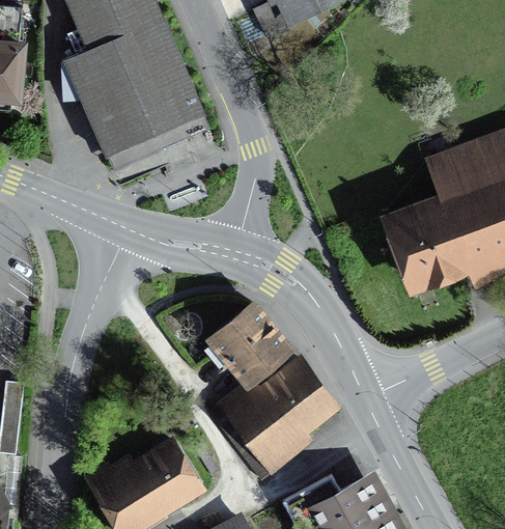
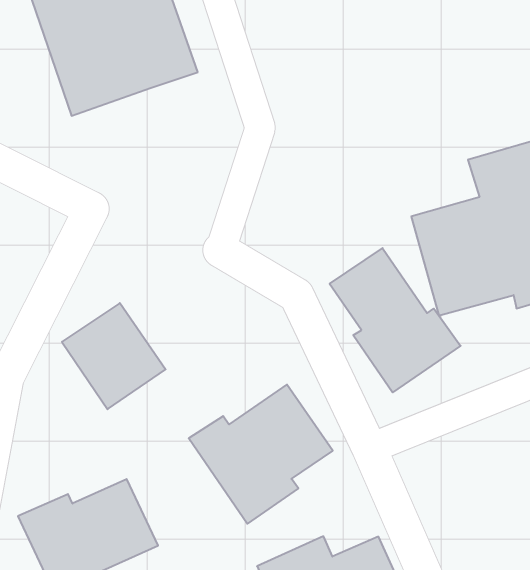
building: none -> [330,248,461,392]
building: [209,307,293,392] -> [62,303,166,409]

